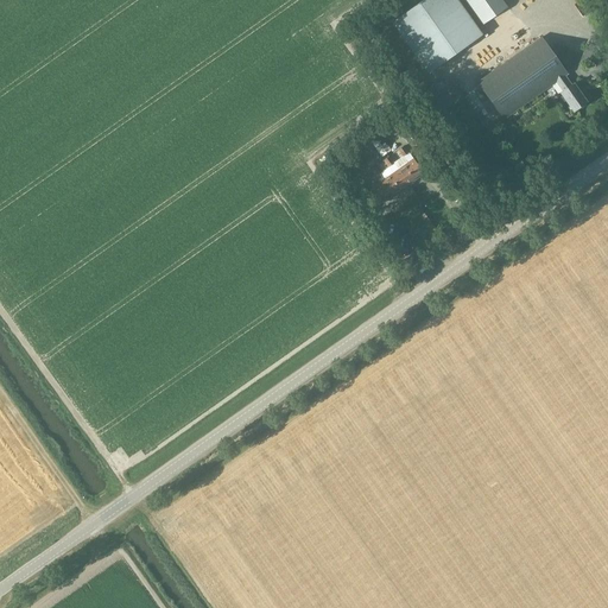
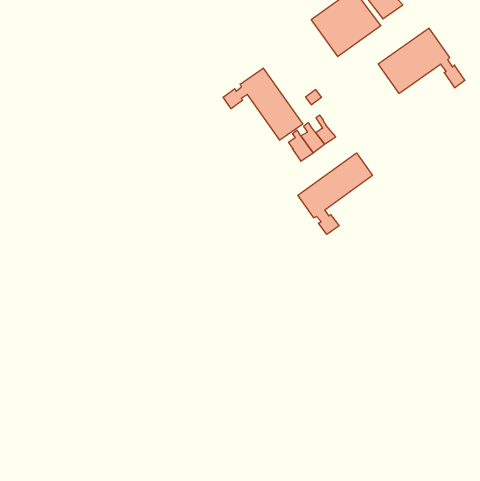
building: none -> [223,68,303,140]
building: none -> [298,153,372,234]

